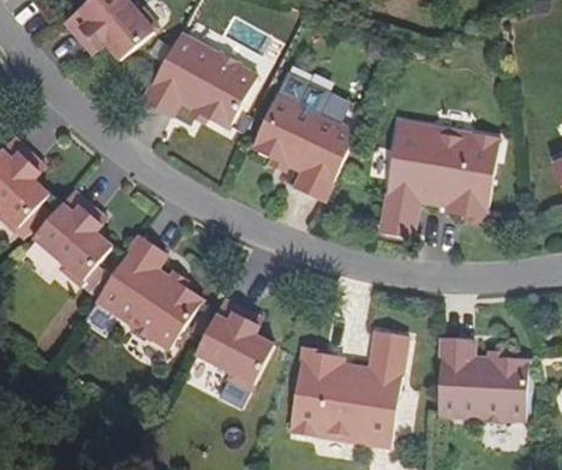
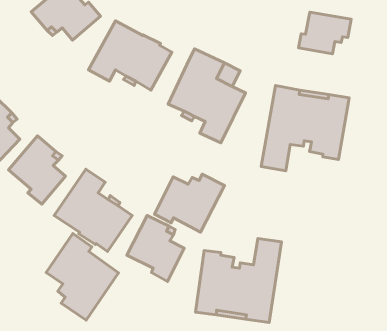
building: none -> [299,12,351,54]
building: none -> [155,174,225,232]
building: none -> [46,233,119,320]
building: [437,339,528,421] -> none

